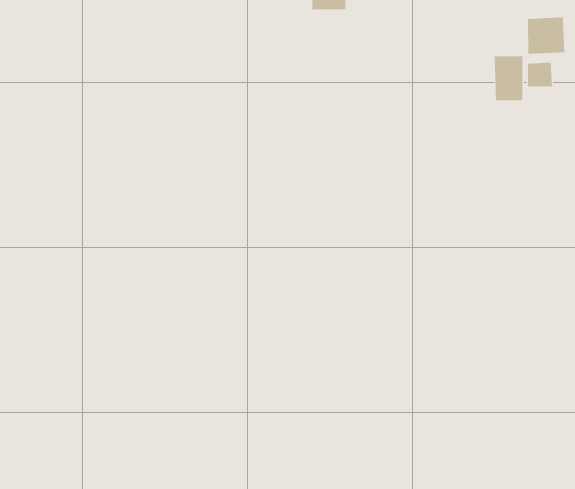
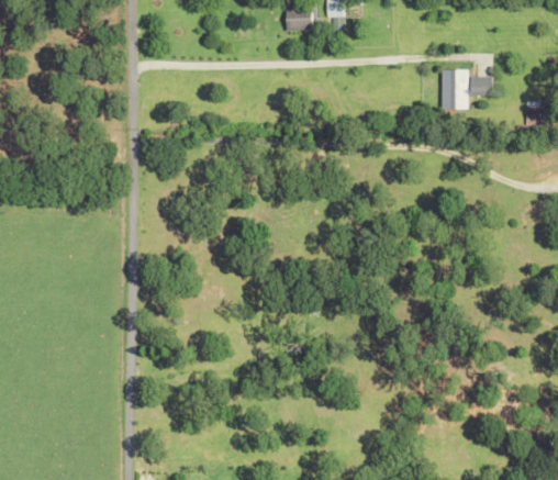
building: [528,17,565,55] -> none

